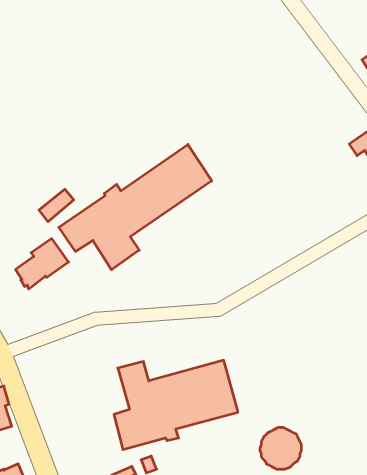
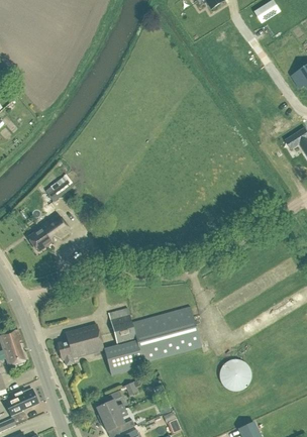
building: [59,144,212,270] -> none
building: none -> [58,325,104,365]

